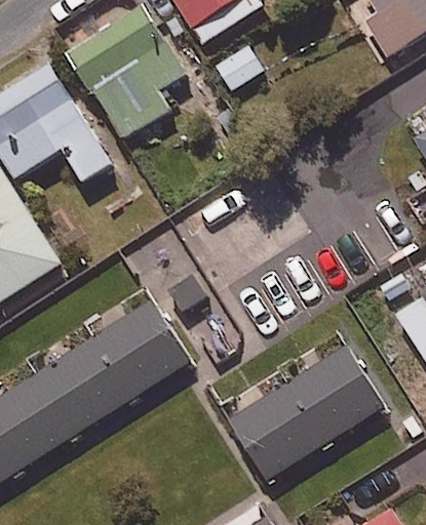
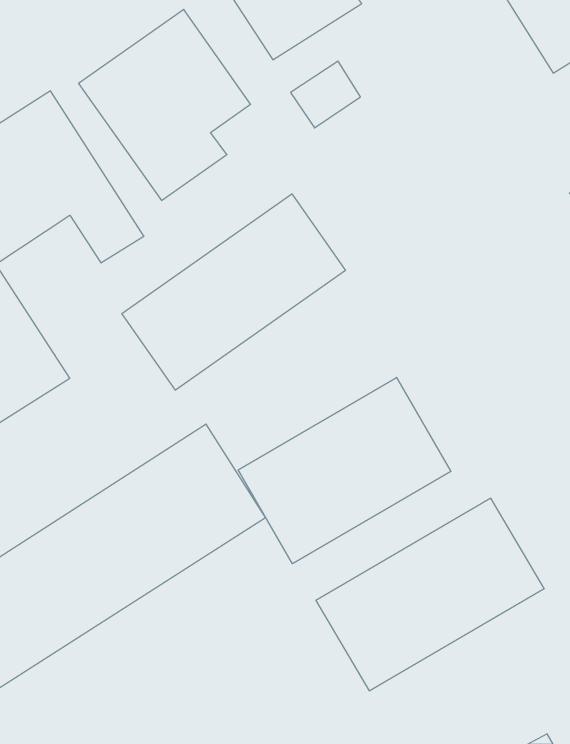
building: none -> [122,194,345,390]
building: none -> [238,377,451,564]

